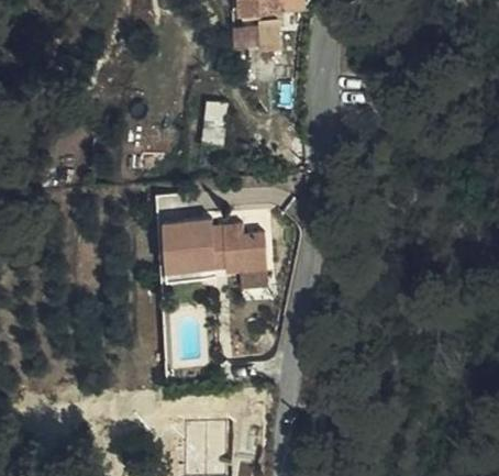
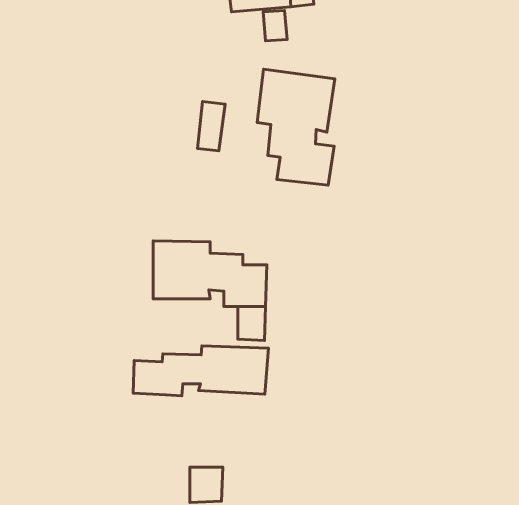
building: none -> [257,69,335,185]
building: none -> [133,346,268,396]

